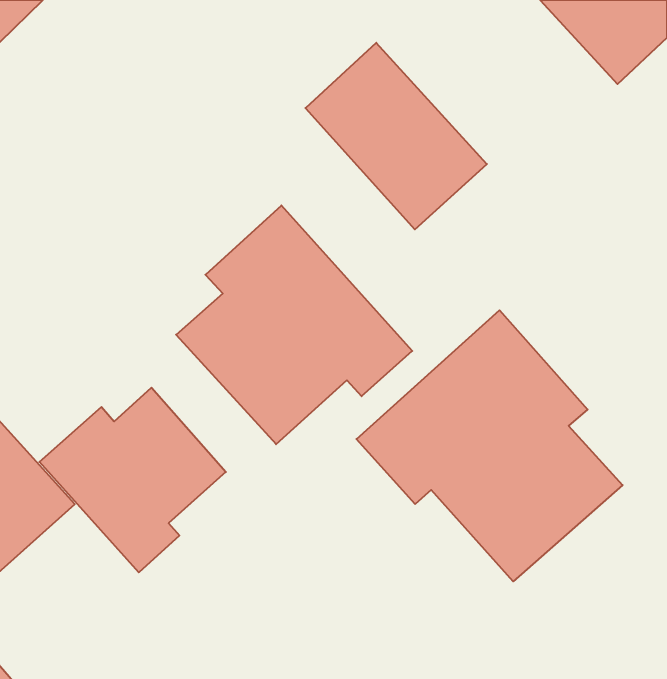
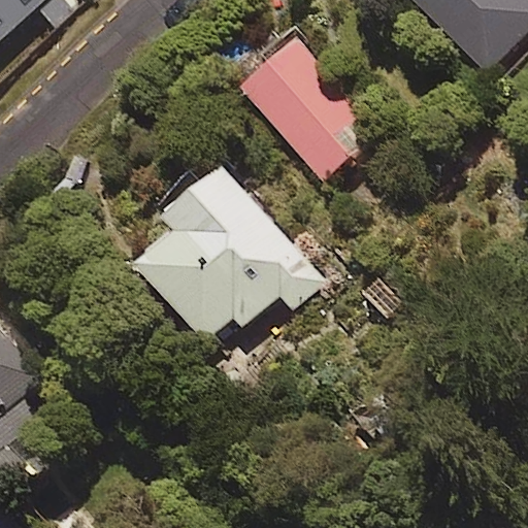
building: [356,310,623,581] -> none
building: [39,388,226,572] -> none

